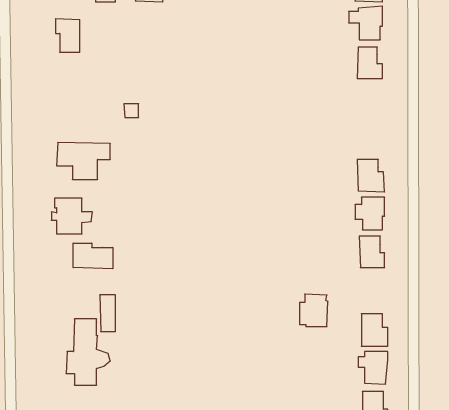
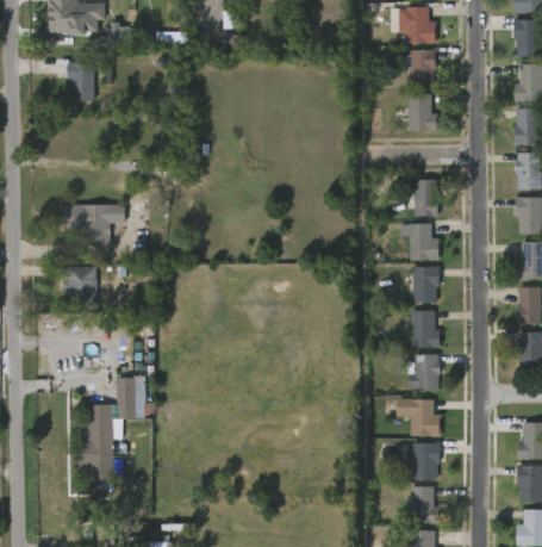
building: none -> [409,179,441,216]
building: [73,243,113,269] -> none
building: [300,294,328,327] -> [407,353,440,390]

